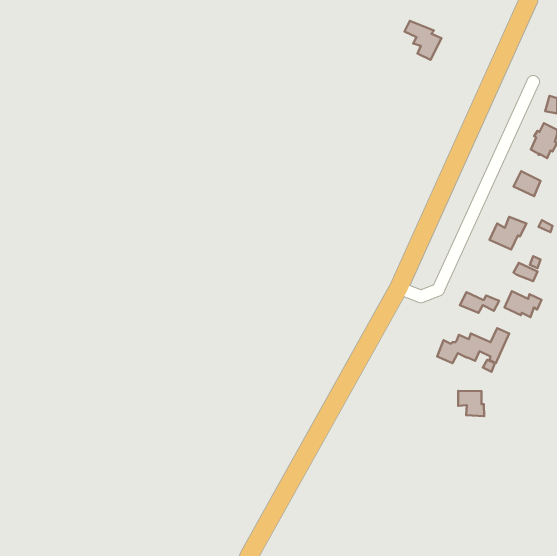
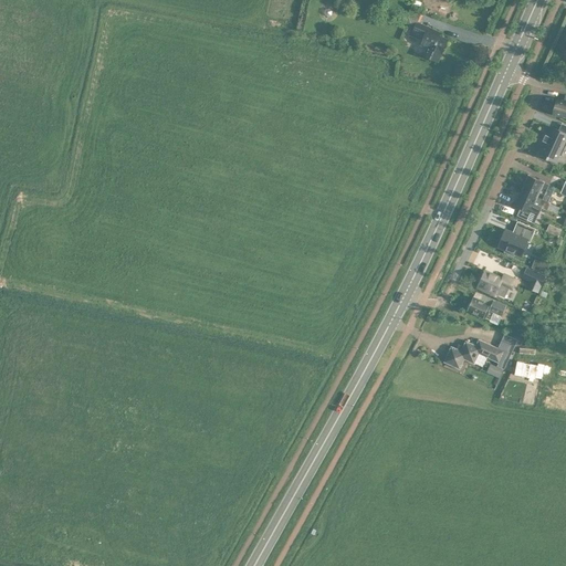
building: none -> [514,190,551,222]
building: [504,291,541,317] -> [478,271,515,297]
building: [458,391,484,416] -> none

